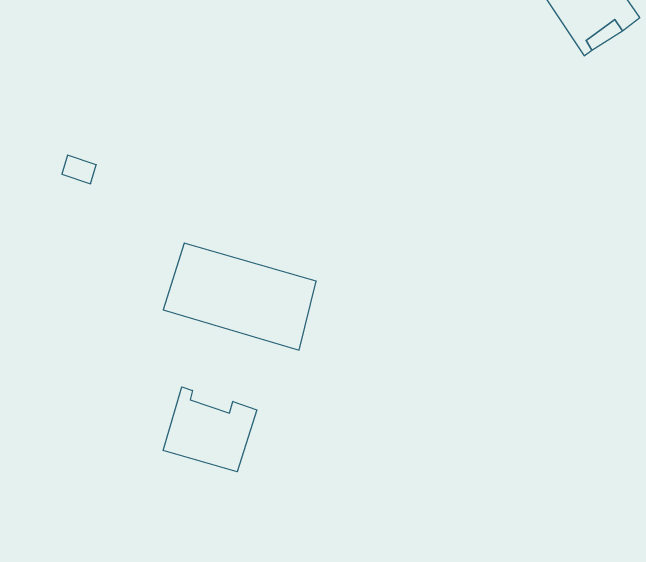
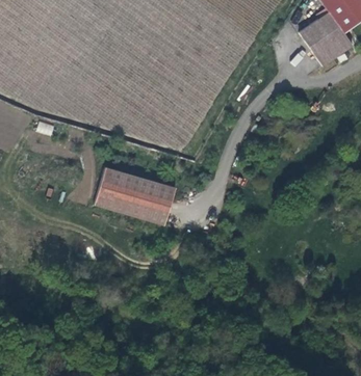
building: [163,387,257,472] -> none

